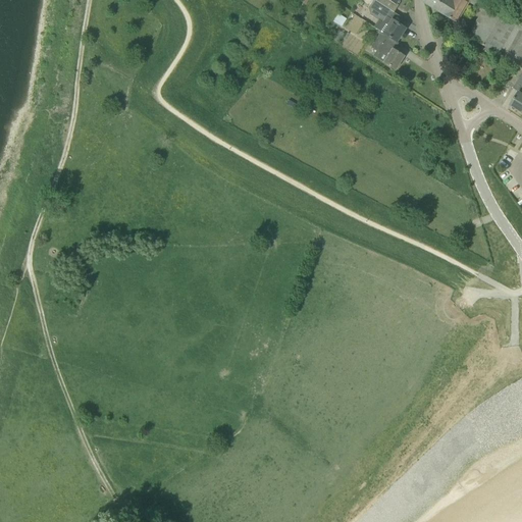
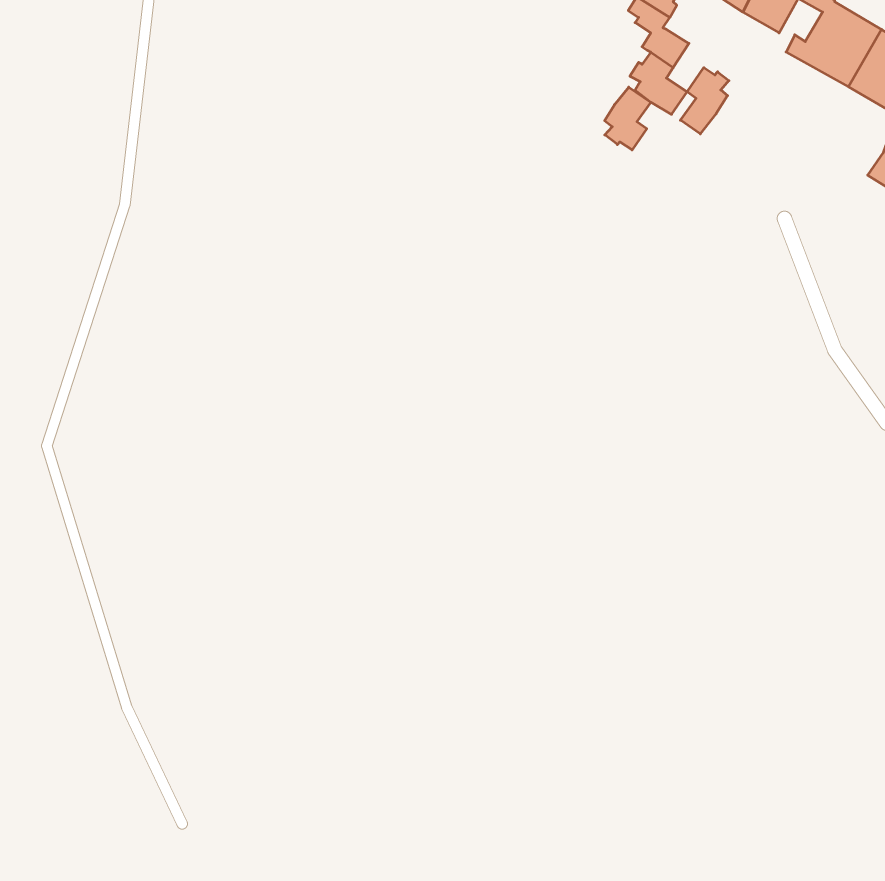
building: none -> [680,68,729,134]
building: none -> [605,87,651,150]

